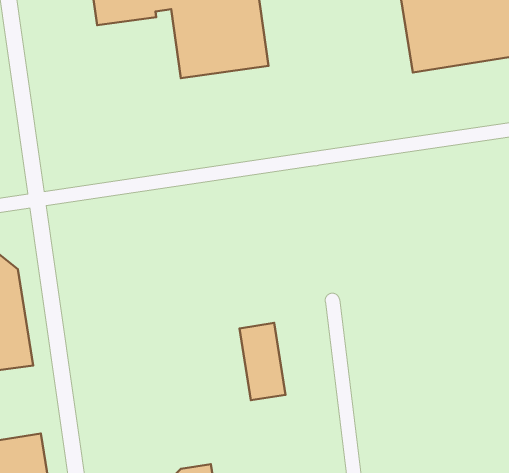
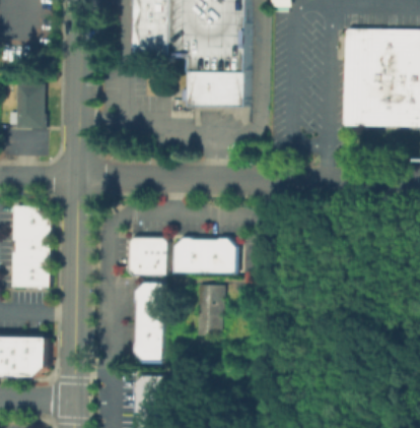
building: none -> [169,234,235,272]
building: none -> [123,234,165,278]
building: none -> [134,281,163,361]

